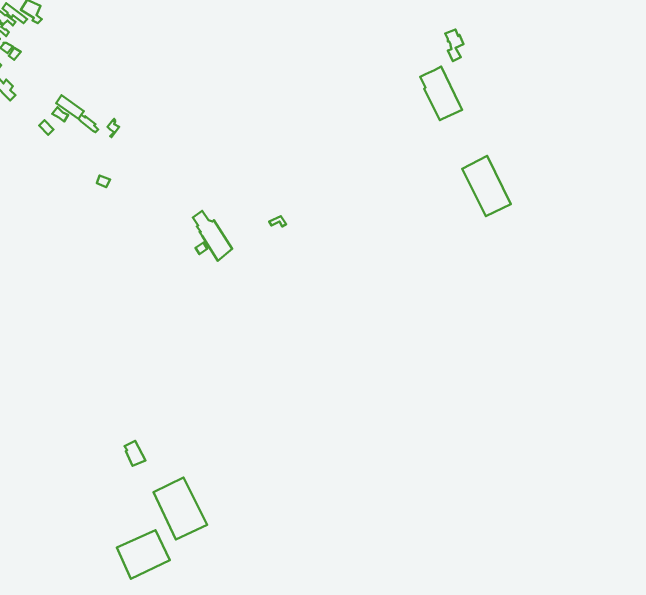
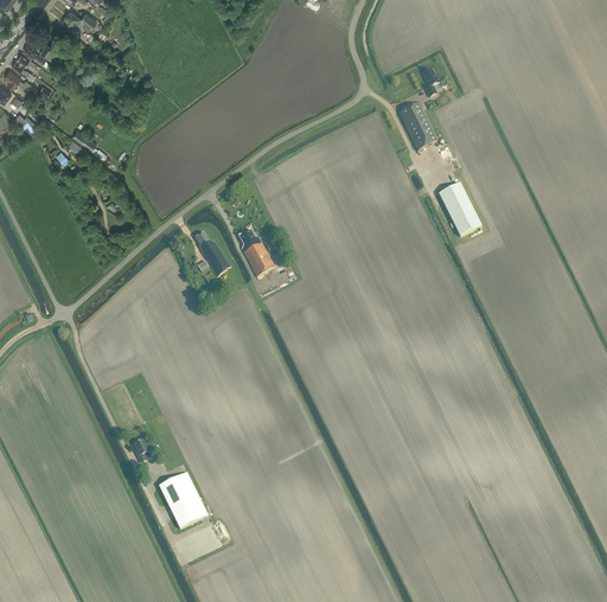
building: none -> [238,229,276,276]
building: [117,530,170,579] -> none

